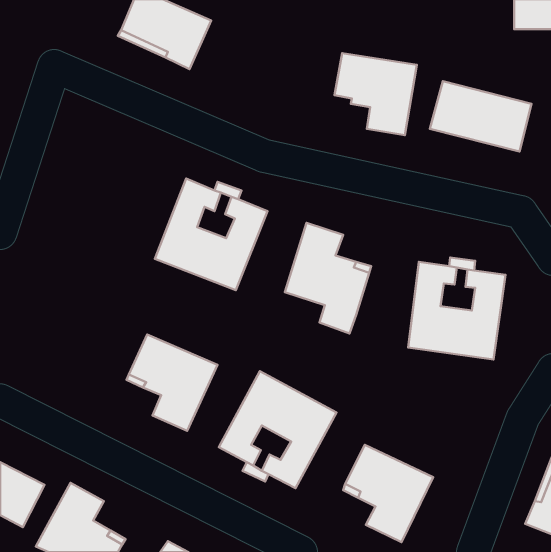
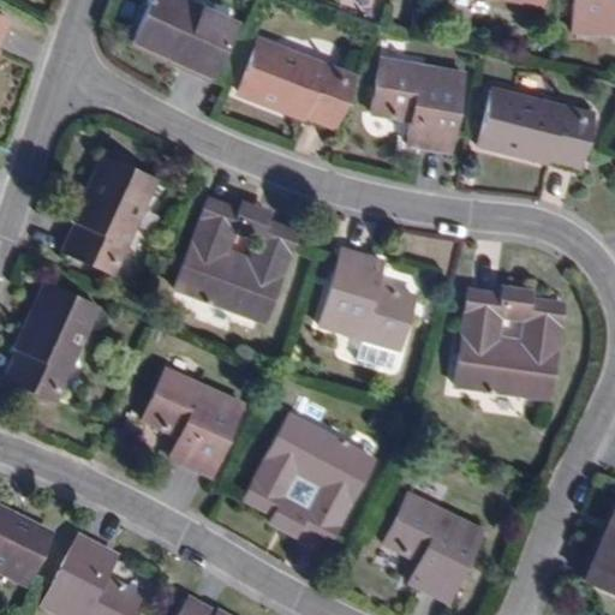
building: none -> [239,37,353,125]
building: none -> [65,159,156,274]
building: none -> [7,285,97,399]

